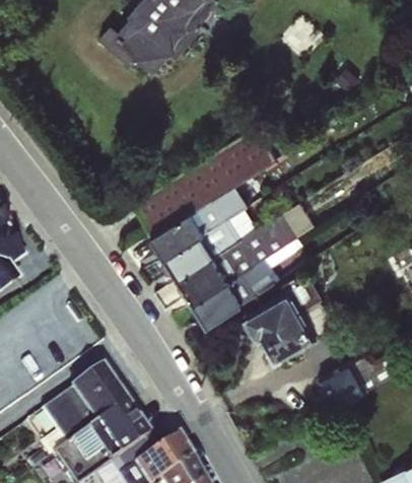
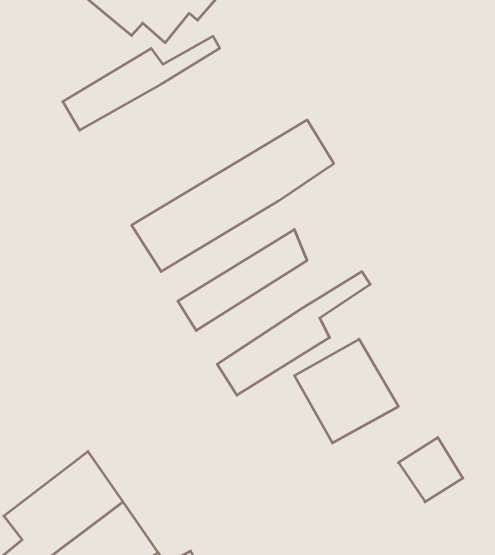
building: none -> [63,36,220,130]
building: [153,188,250,260] -> none
building: [179,215,289,305] -> none

